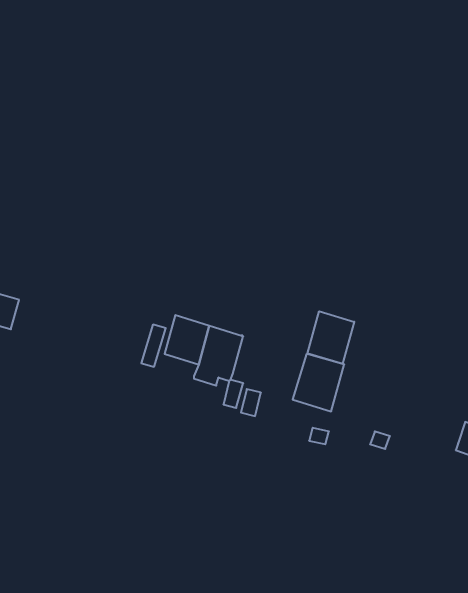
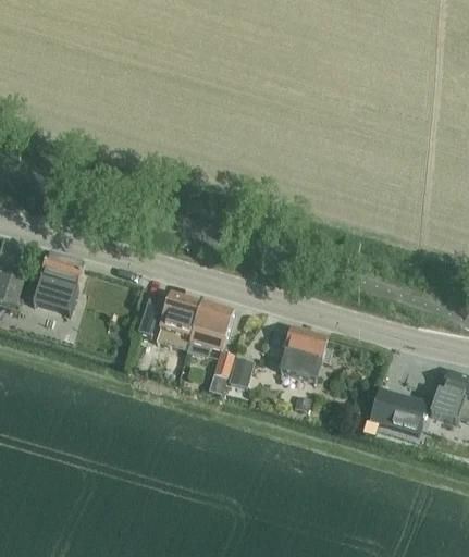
building: none -> [35,256,84,315]
building: [308,311,354,364] -> none
building: none -> [372,394,422,430]

